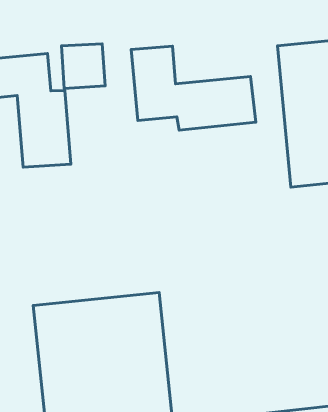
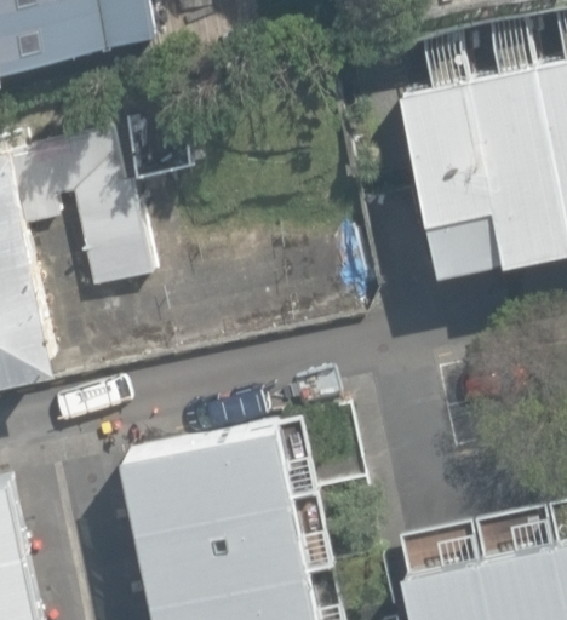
building: [131,46,256,130] -> none

